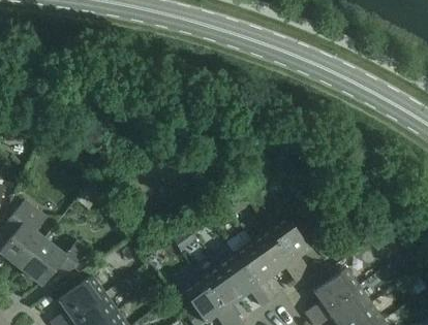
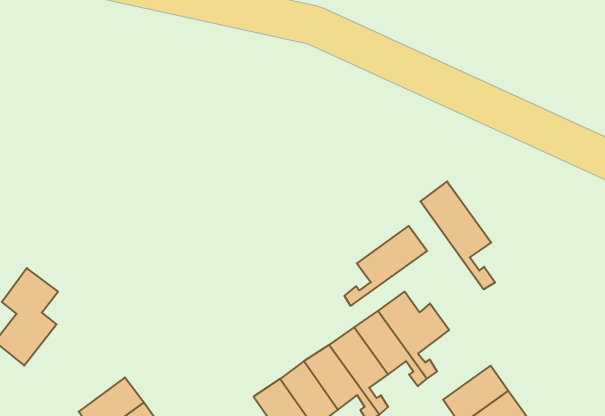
building: none -> [420,181,495,289]
building: none -> [344,226,427,306]
building: [22,239,86,285] -> none

